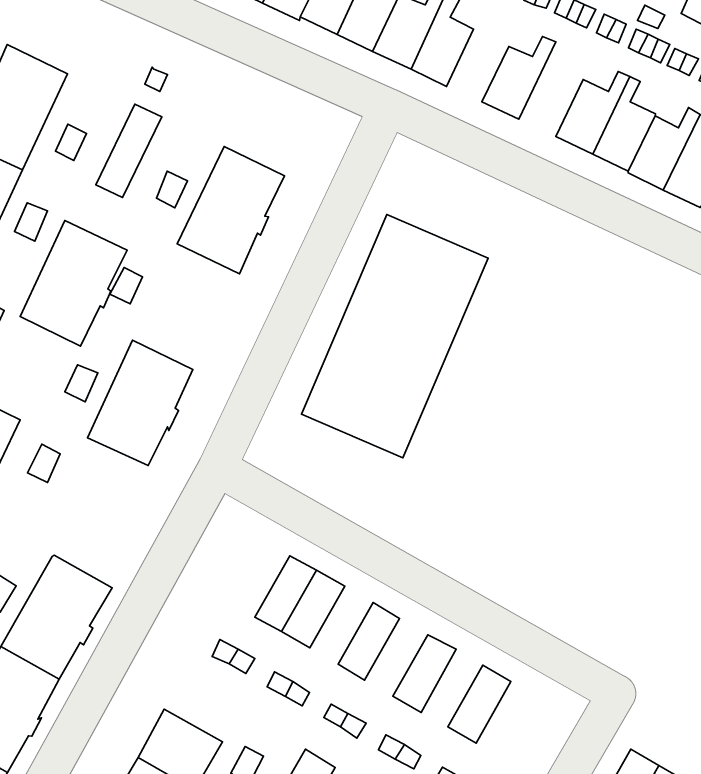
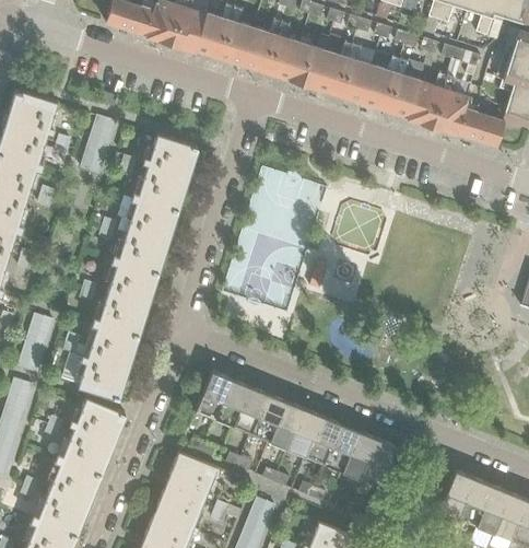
building: none -> [289,35,328,86]
building: none -> [336,44,372,102]
building: [20,221,127,346] -> [117,198,177,273]
building: none -> [78,324,137,399]
building: none -> [195,372,231,420]
building: none -> [250,394,285,442]
building: none -> [286,409,321,457]
building: none -> [324,423,357,471]
building: none -> [166,453,216,499]
building: none -> [360,439,395,487]

